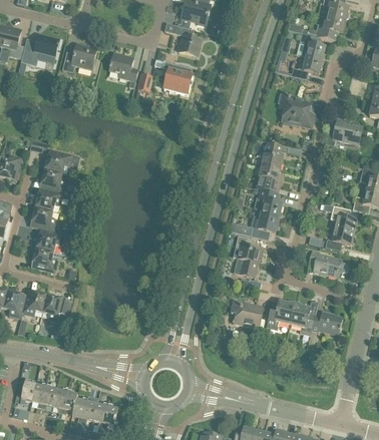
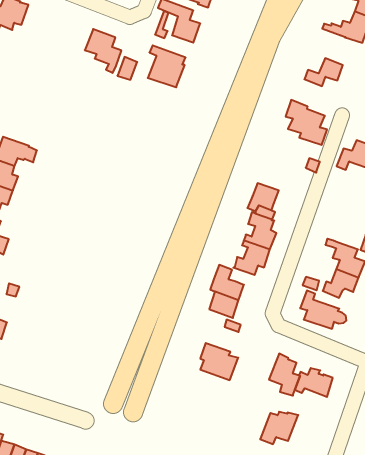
building: [299,31,325,59] -> none
building: [62,42,99,72] -> none
building: [262,140,288,167] -> none
building: [266,300,295,327] -> [260,412,298,444]

